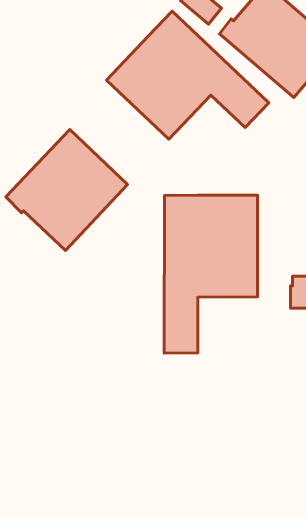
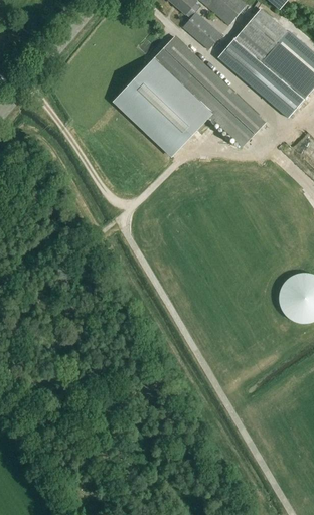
building: [6,130,127,251] -> none
building: [164,195,258,353] -> none

